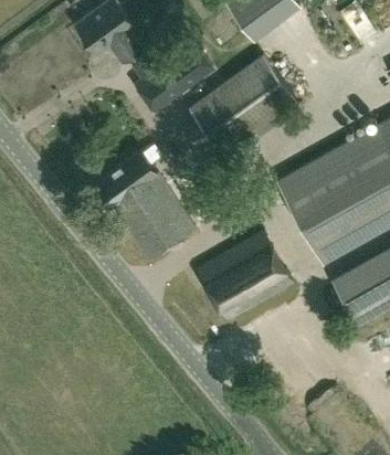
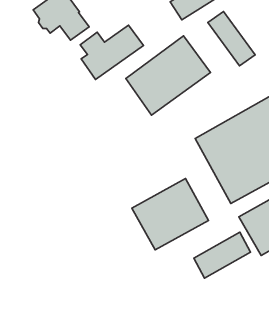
building: none -> [208,11,255,66]
building: [93,152,194,261] -> none
building: none -> [194,232,251,278]

